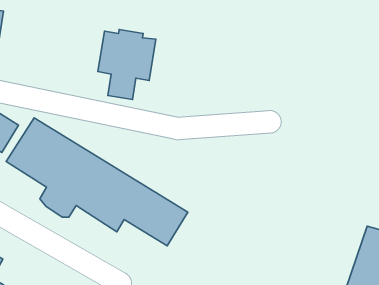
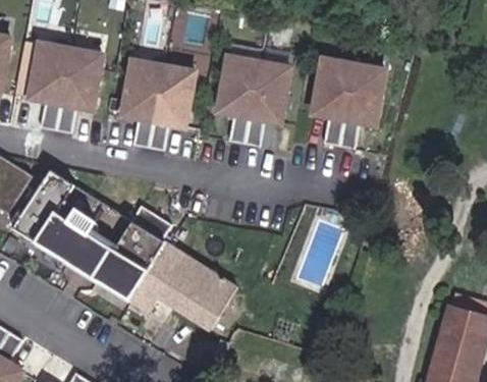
building: none -> [30,41,101,127]
building: none -> [219,57,290,144]
building: none -> [315,59,386,146]

